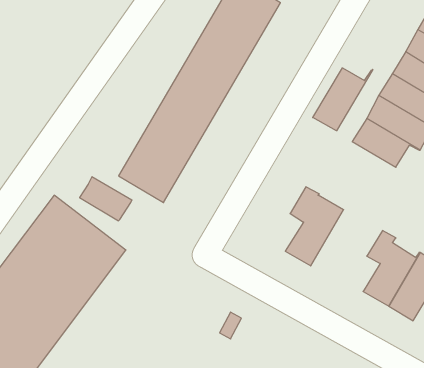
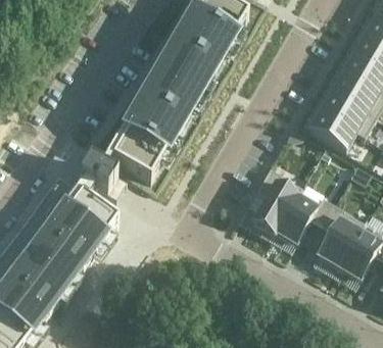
building: [313,68,373,131] -> none
building: none -> [272,186,332,243]

